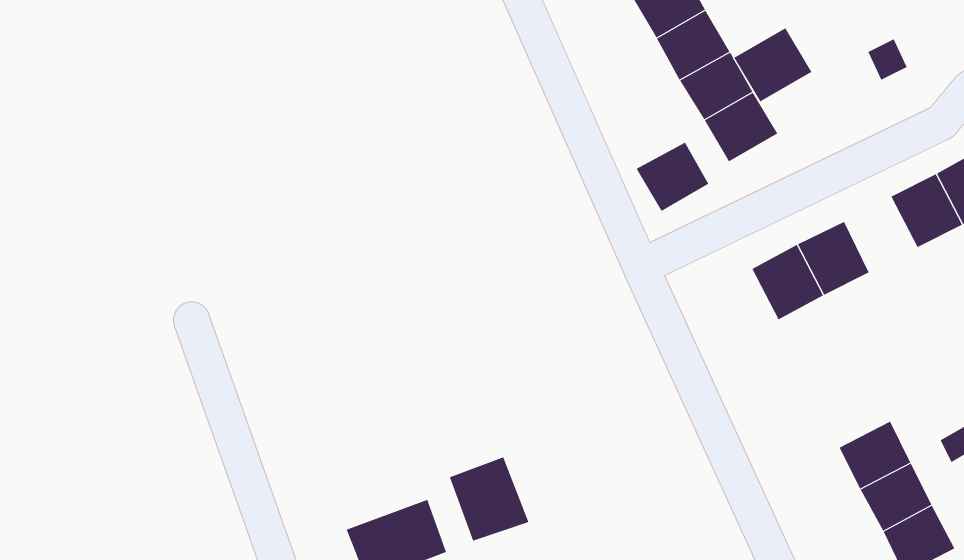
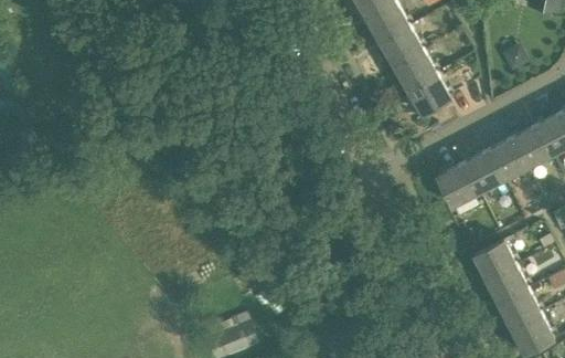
building: [734,28,812,102] -> none
building: [636,142,709,212] -> none
building: none -> [490,136,532,180]
building: none -> [473,241,516,282]
building: [449,456,529,541] -> none

